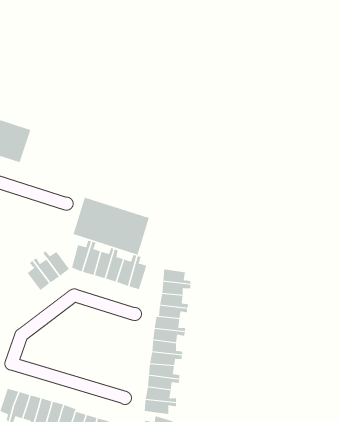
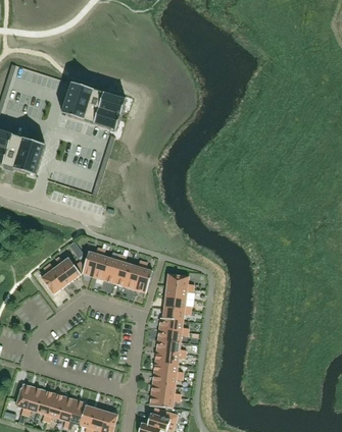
building: none -> [61,83,126,130]
building: [73,197,149,255] -> none

